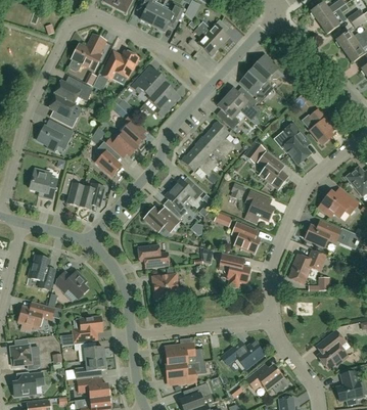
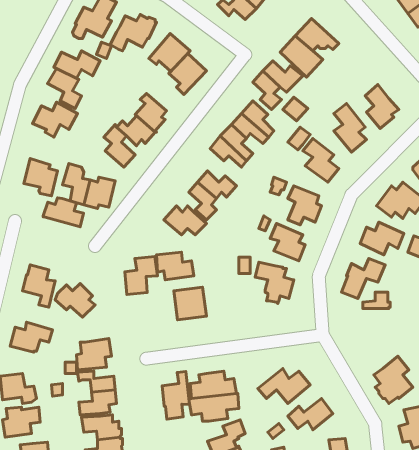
building: none -> [43,198,83,227]
building: none -> [125,257,158,295]
building: none -> [162,371,189,419]

